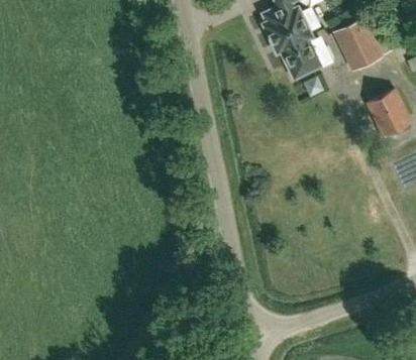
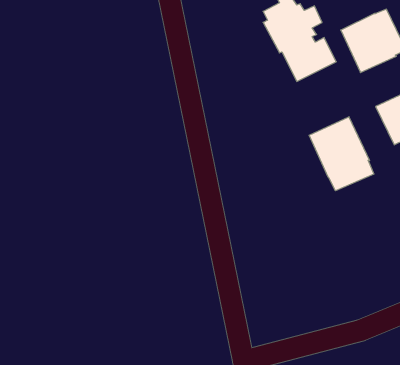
building: none -> [309,117,374,191]

